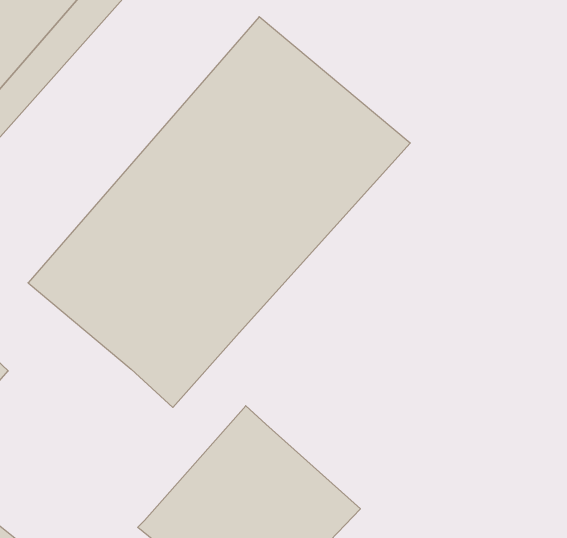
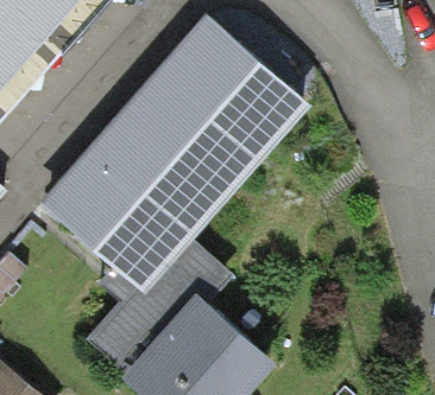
building: none -> [84,240,231,374]

